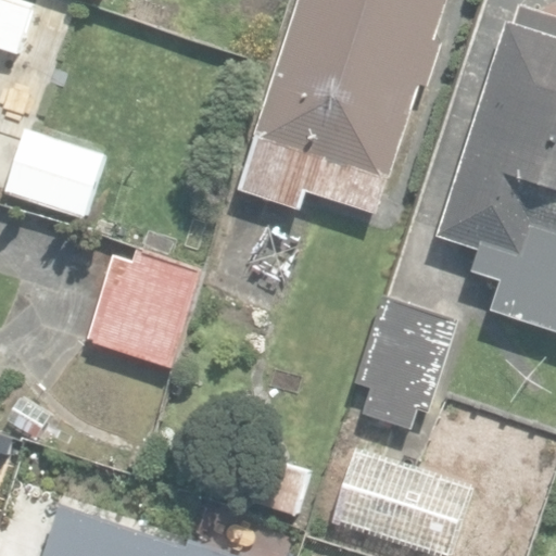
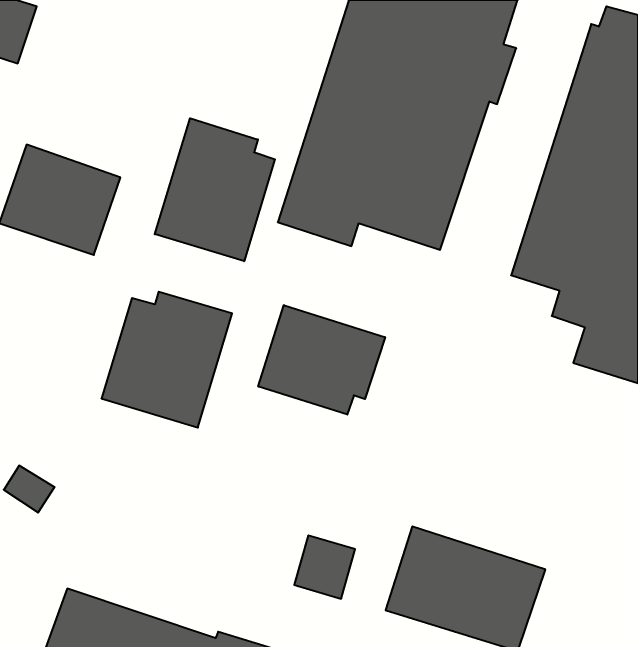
building: none -> [155,118,275,261]
building: none -> [258,305,385,415]
building: [355,296,457,430] -> none

